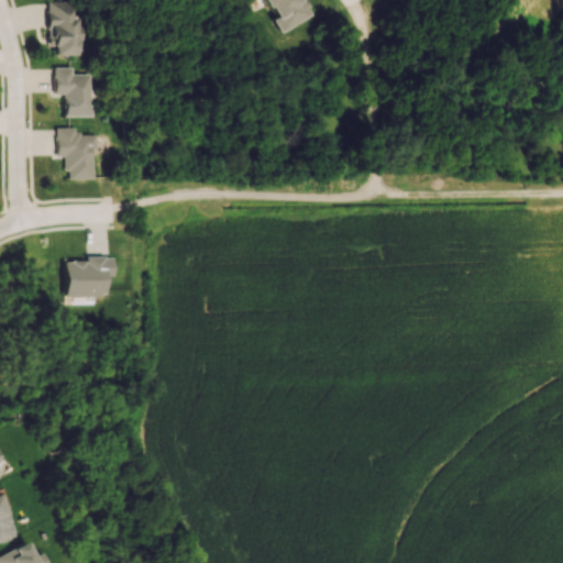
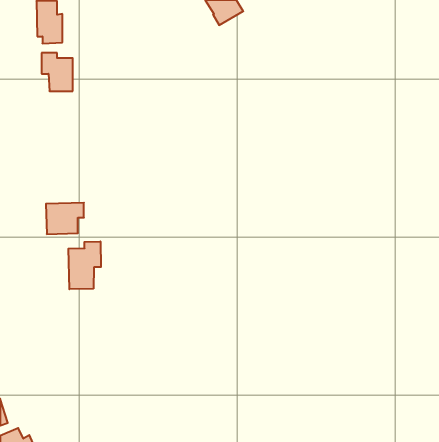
building: [57,132,101,180] -> none
building: none -> [68,241,101,289]

